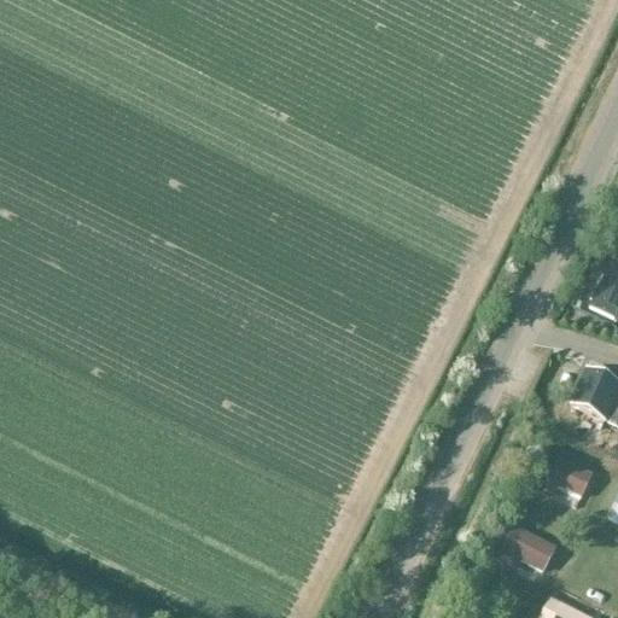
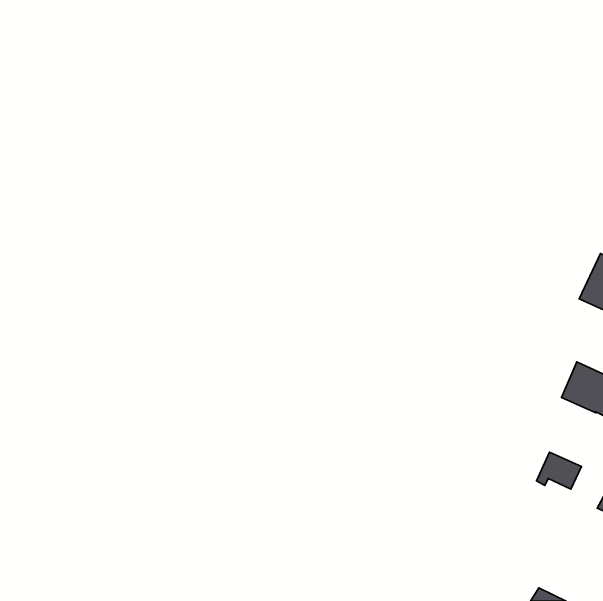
building: [502,525,559,570] -> none

